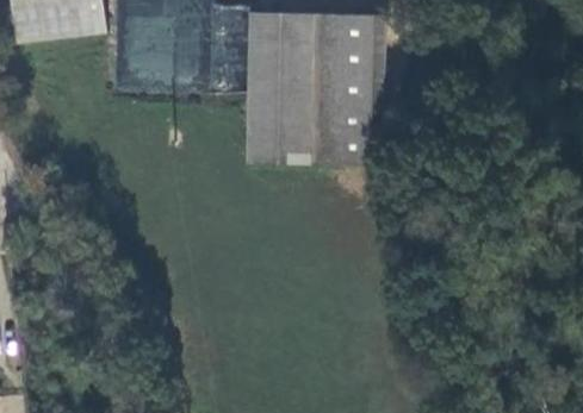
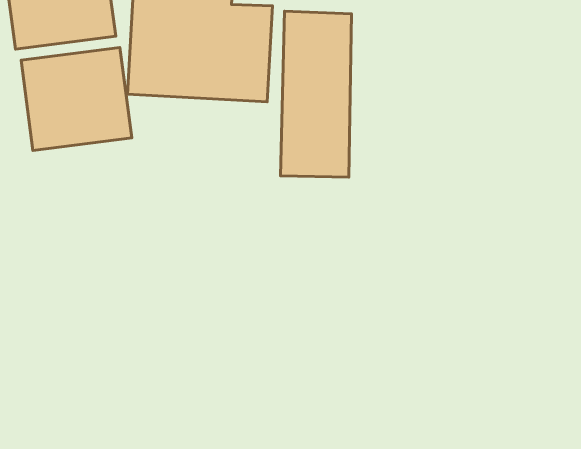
building: [316,13,379,161] -> none
building: none -> [21,48,132,151]

